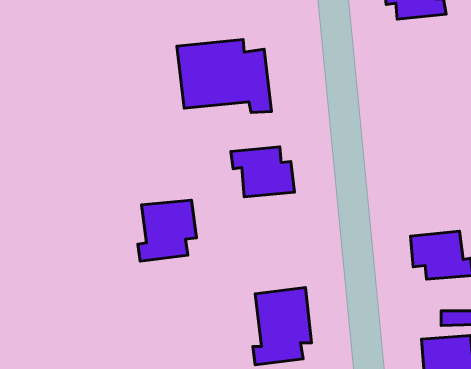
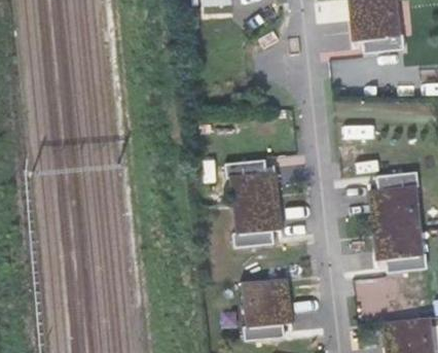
building: [177,40,271,113] -> none
building: none -> [370,172,419,235]
building: [138,200,197,261] -> [232,198,282,249]

